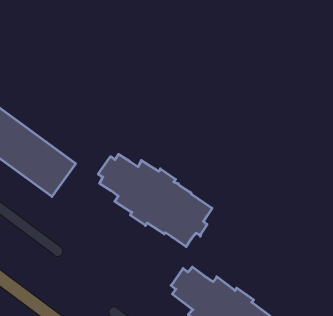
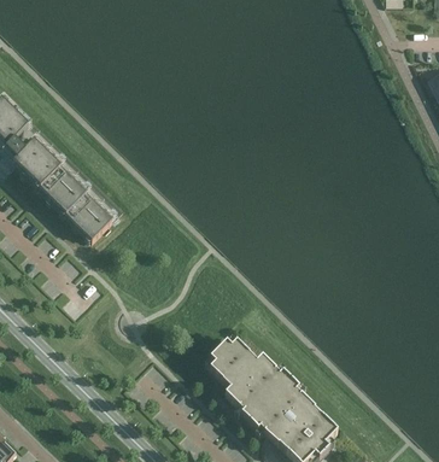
building: [98,154,212,247] -> none

